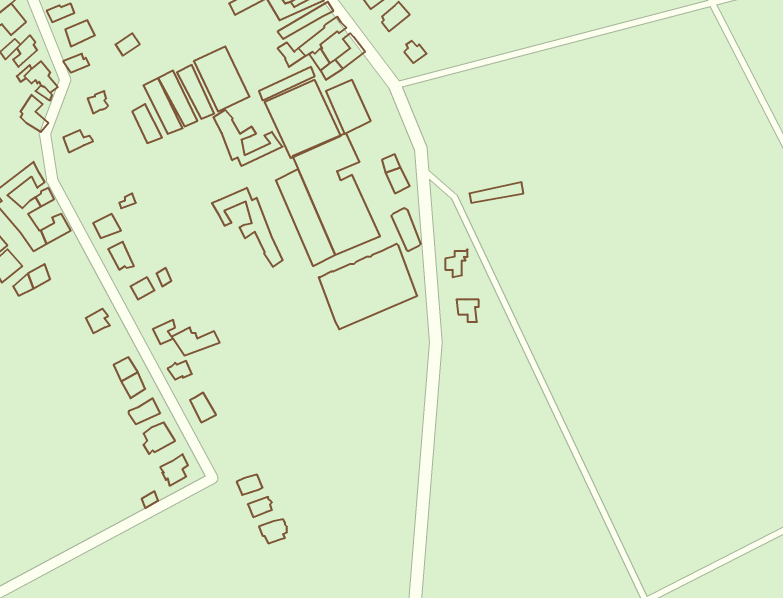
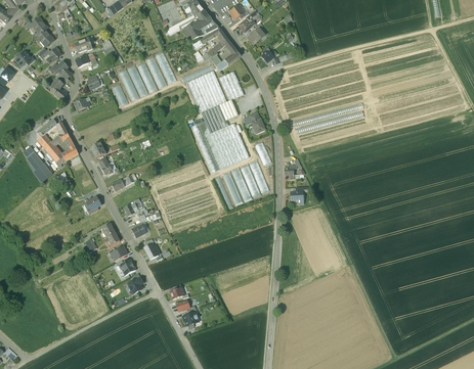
building: [213,110,283,166] -> none
building: [212,188,283,267] -> none

